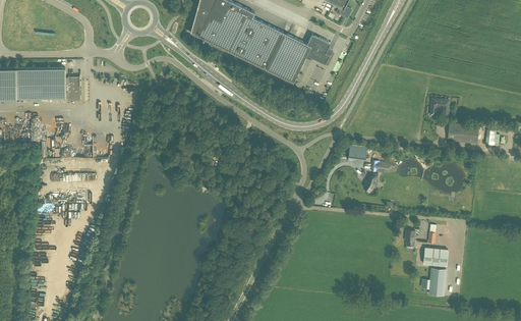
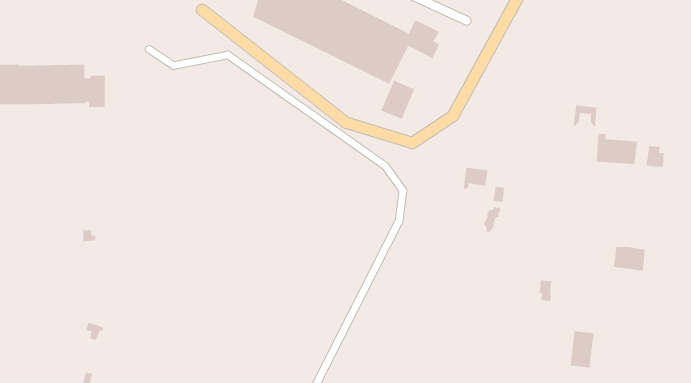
building: none -> [380,80,415,120]
building: [422,249,447,267] -> [613,247,645,271]

